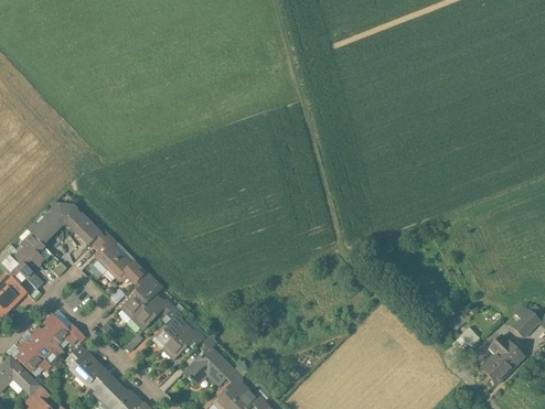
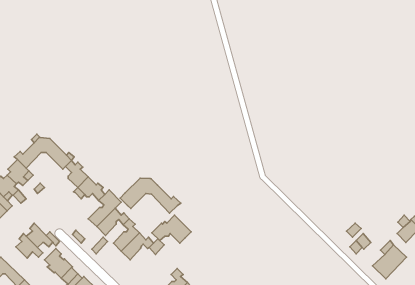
building: none -> [120,178,181,213]
building: [17,340,51,370] -> none
building: [184,349,234,385] -> [152,215,191,243]

